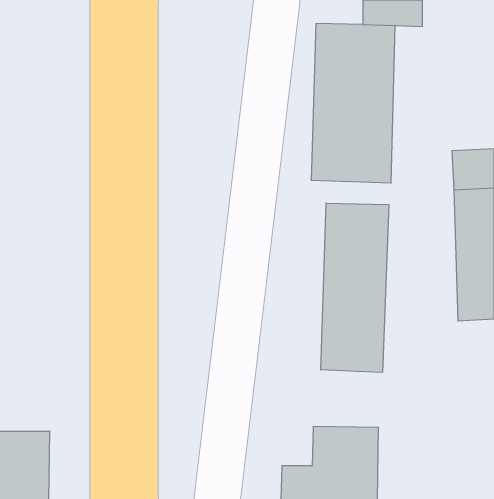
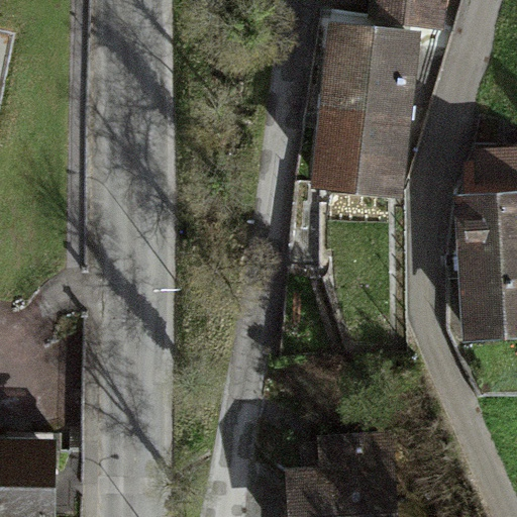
building: [321,203,389,372] -> none

